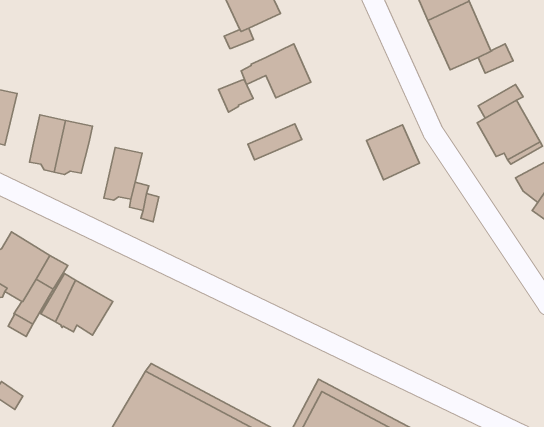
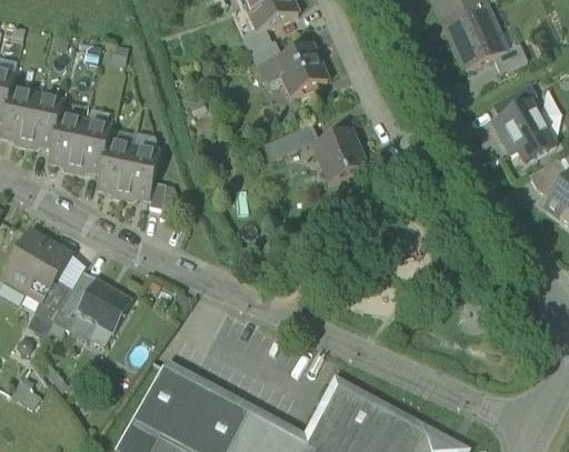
building: [218,79,253,112] -> [248,39,282,71]
building: none -> [24,93,62,147]
building: [367,125,420,180] -> [313,130,366,184]
building: none -> [97,141,133,197]

